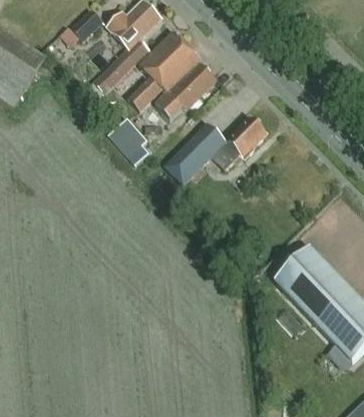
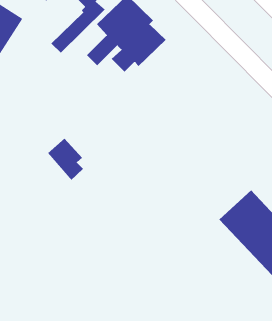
building: [164,115,267,184] -> none
building: [108,116,148,163] -> [47,138,84,181]

